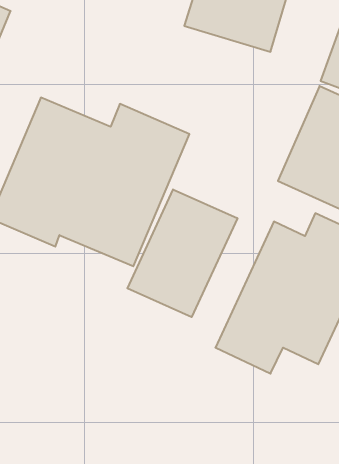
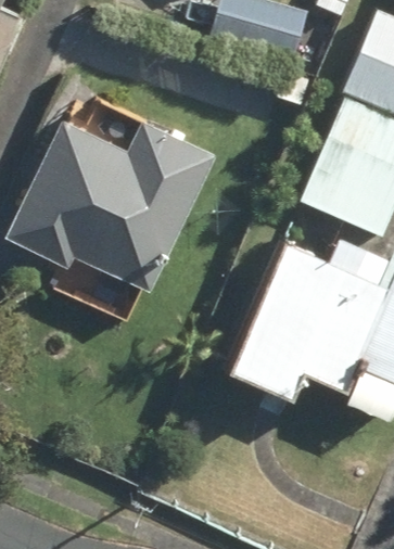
building: [127,189,237,317] -> none

